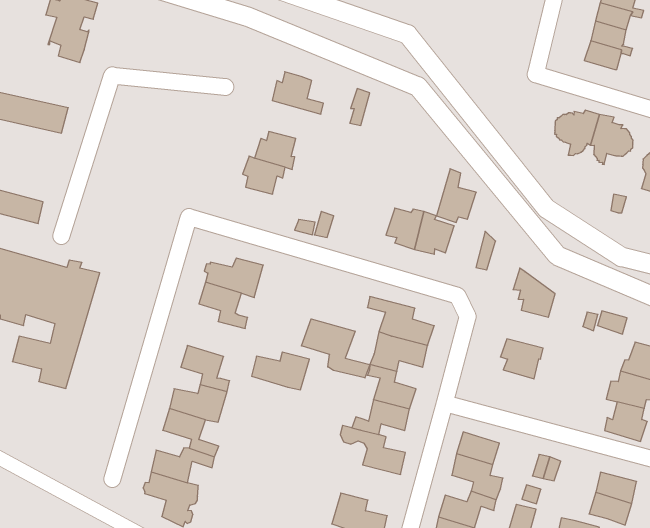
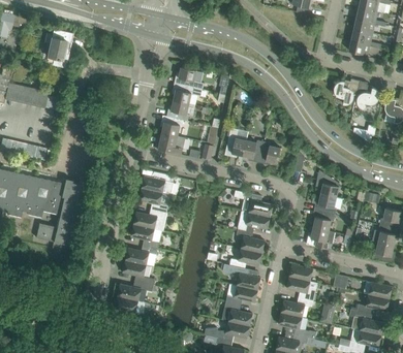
building: none -> [172,83,203,103]
building: [436,169,476,222] -> [225,127,247,157]
building: none -> [155,132,185,154]
building: none -> [314,193,343,214]
building: [301,319,370,378] -> none
building: [252,352,309,390] -> [134,208,166,229]
building: none -> [306,227,335,248]
building: none -> [225,284,258,302]

